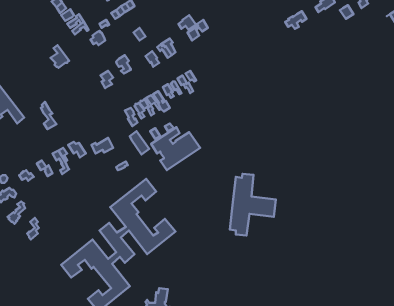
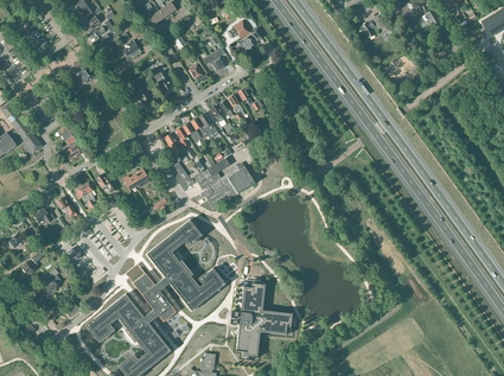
building: [230,174,276,235] -> [236,282,292,357]

